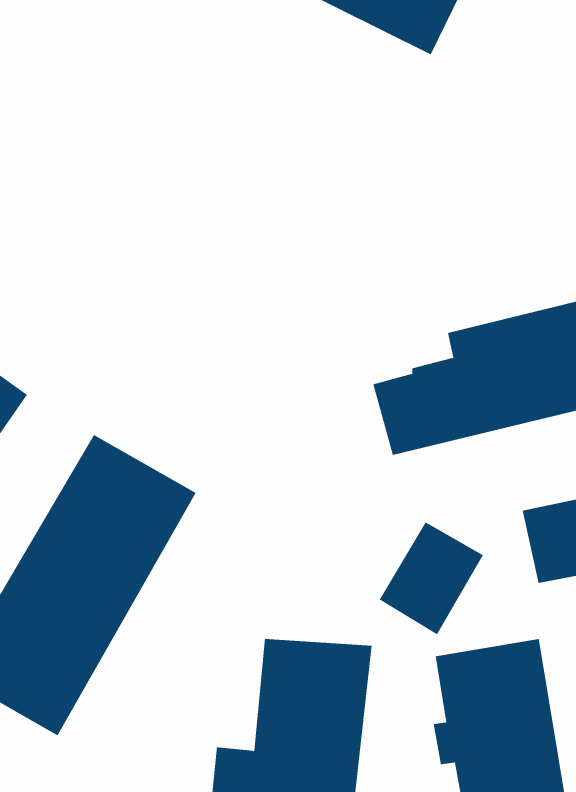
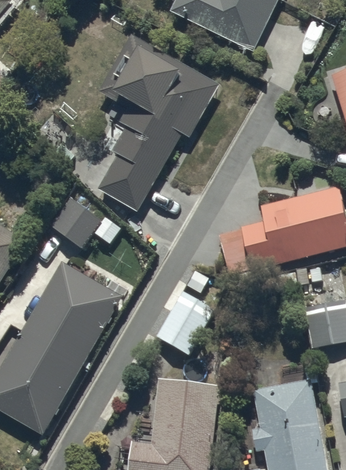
building: none -> [99,33,220,210]
building: none -> [48,196,121,247]
building: [379,521,484,635] -> [157,290,216,354]

